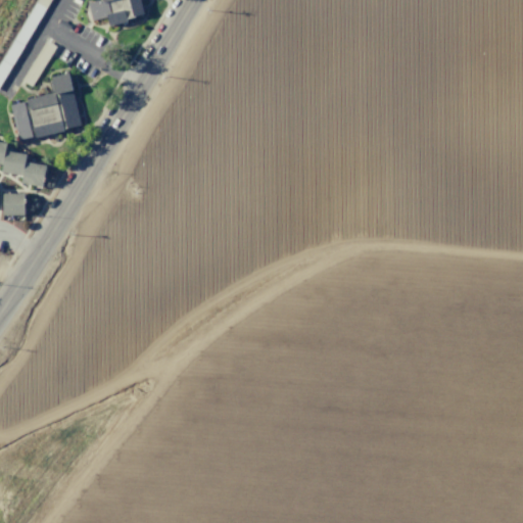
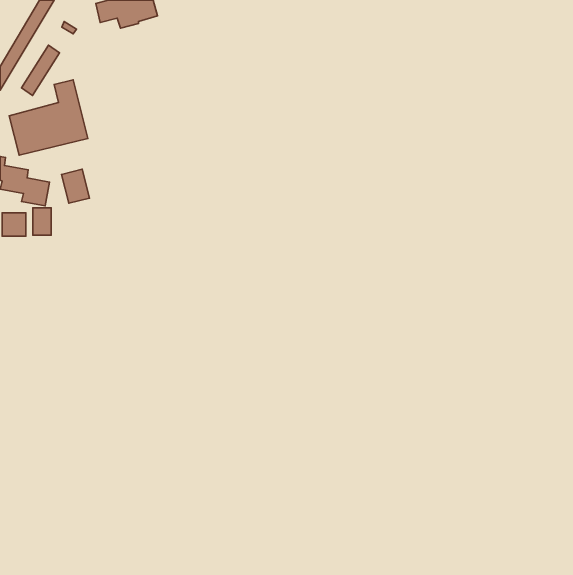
building: none -> [62,169,89,203]
building: none -> [33,208,51,235]

